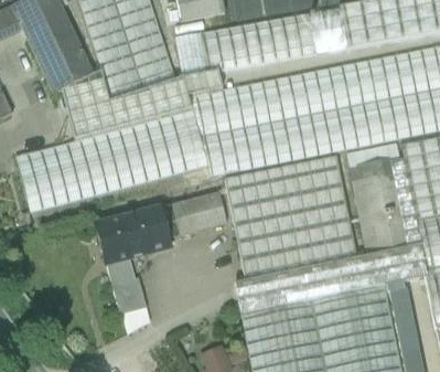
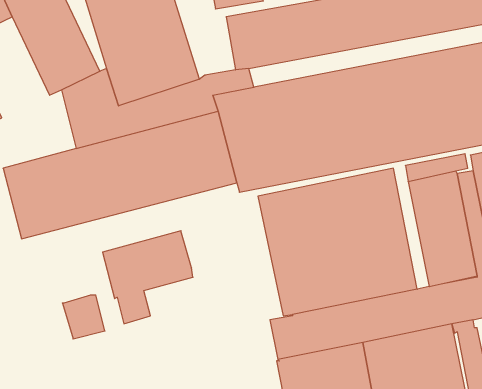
building: [173,30,206,78] -> none
building: [161,192,228,238] -> none
building: [112,278,148,315] -> [62,295,105,339]

